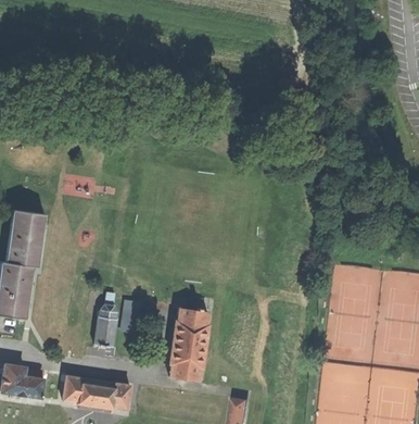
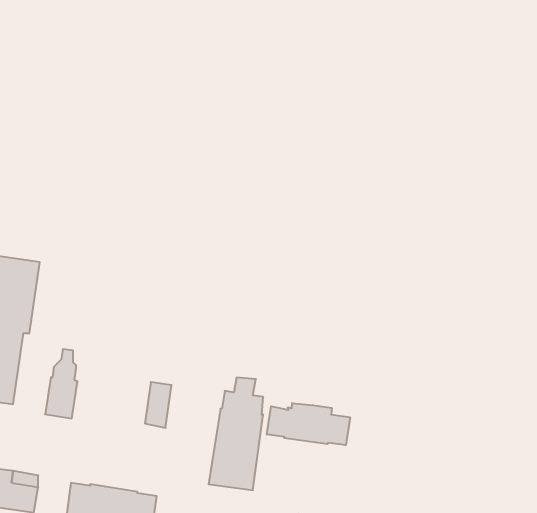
building: [93,297,117,348] -> [45,349,78,419]
building: none -> [267,403,350,445]

